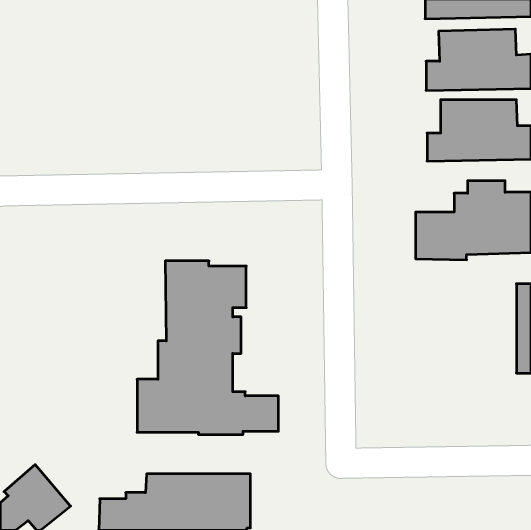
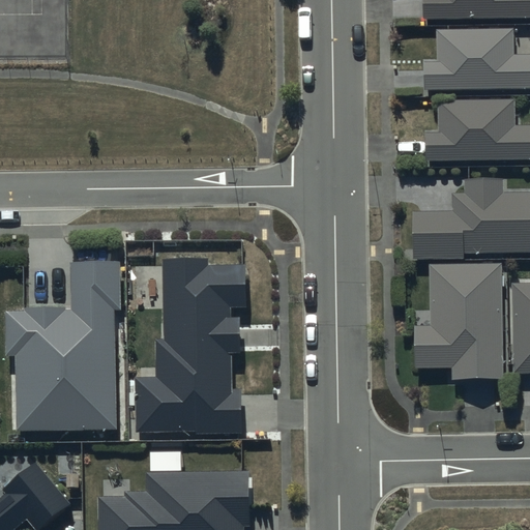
building: none -> [5,261,121,430]
building: none -> [415,263,504,379]

